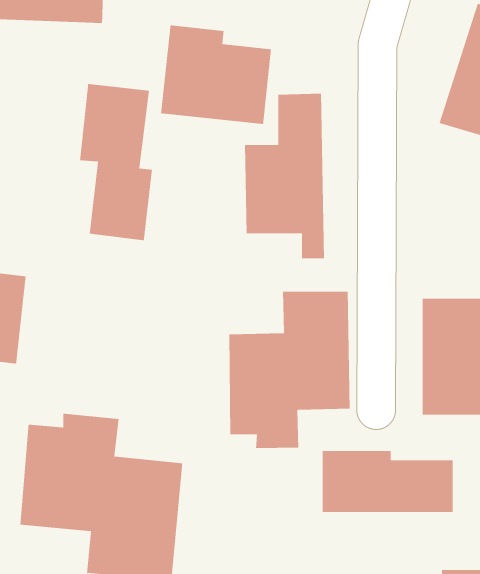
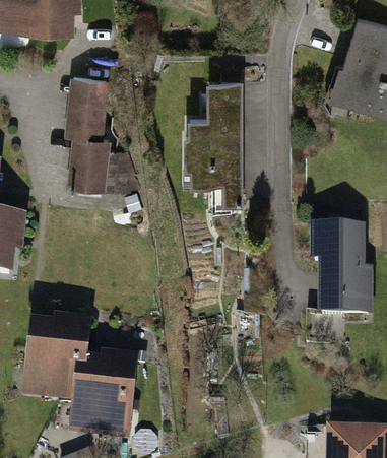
building: [160,25,272,125] -> none
building: [229,291,351,449] -> none
building: [322,450,453,513] -> none

